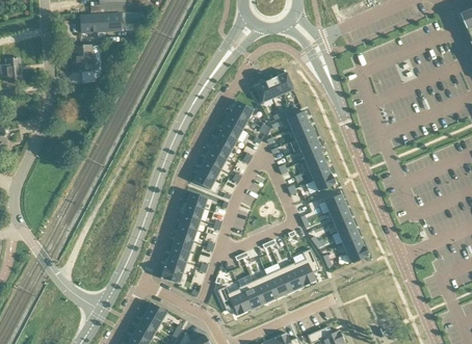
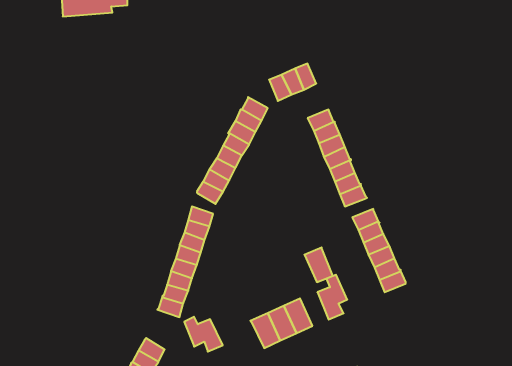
building: [74,45,94,71] -> none
building: [280,262,304,291] -> [304,247,333,282]
building: [217,286,250,315] -> [184,317,223,352]

